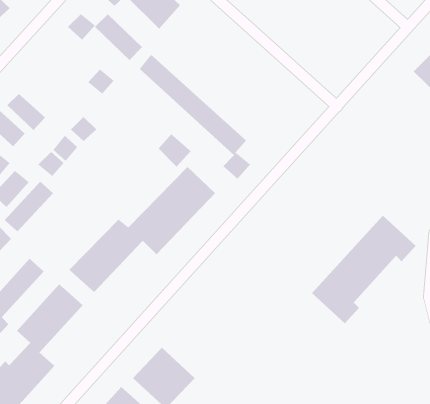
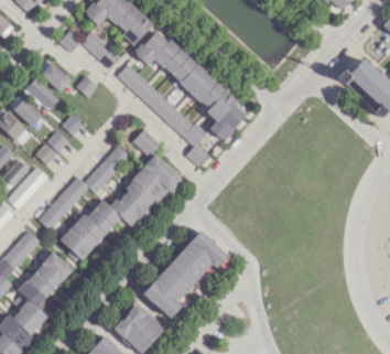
building: none -> [136,30,246,140]
building: none -> [37,60,71,93]
building: none -> [24,79,57,111]
building: none -> [39,144,130,230]
building: [311,215,416,324] -> [142,229,228,319]

